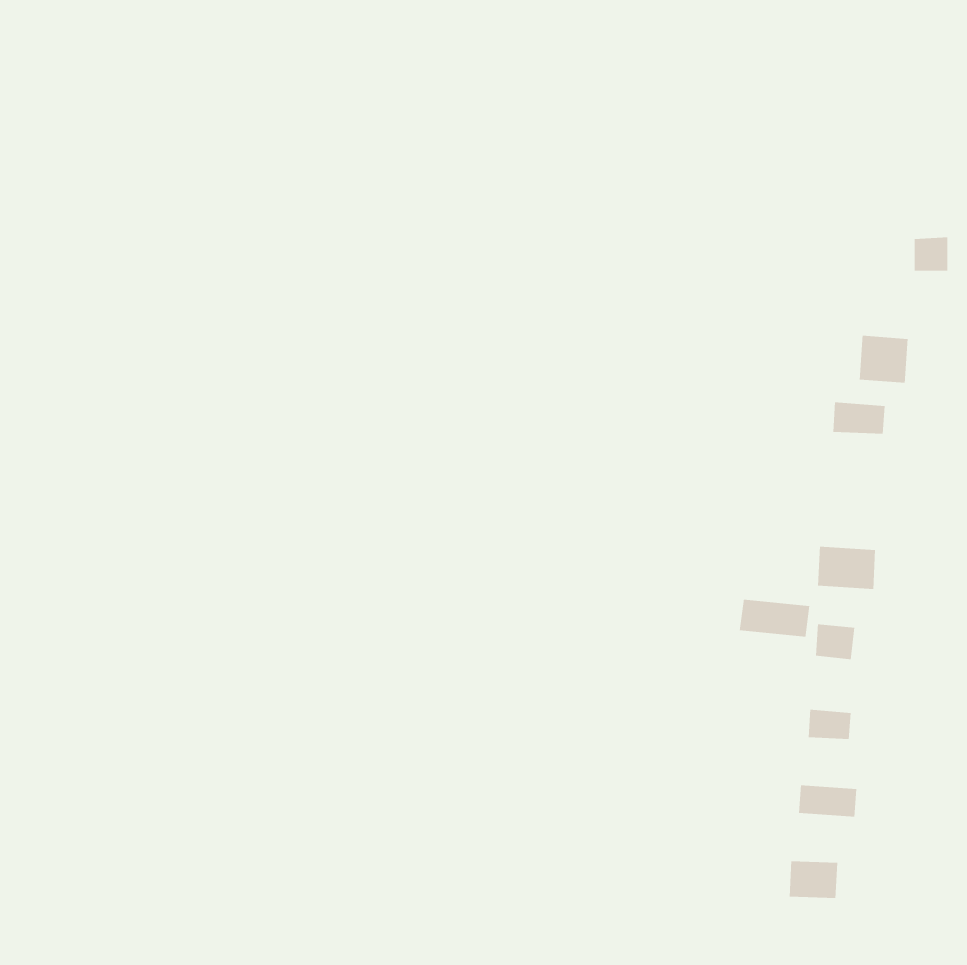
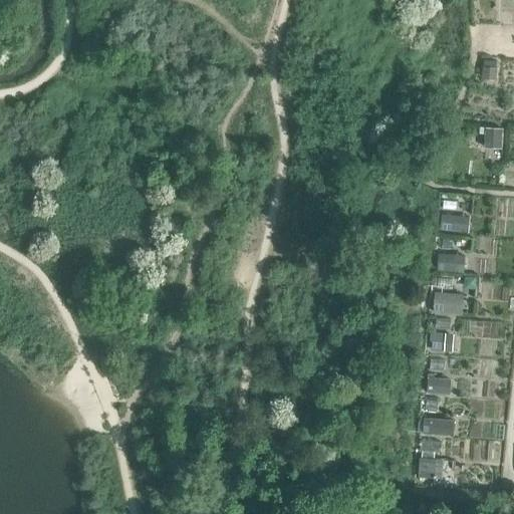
building: [859,335,908,384] -> none
building: none -> [437,253,466,272]
building: [739,599,810,637] -> none

